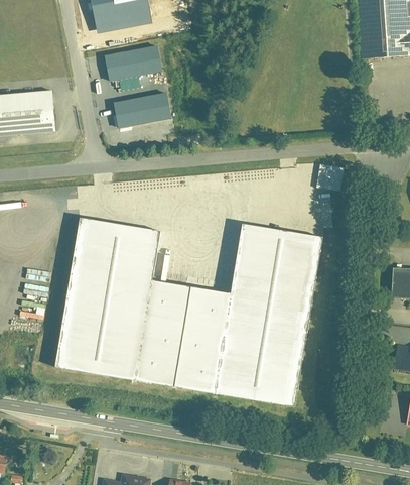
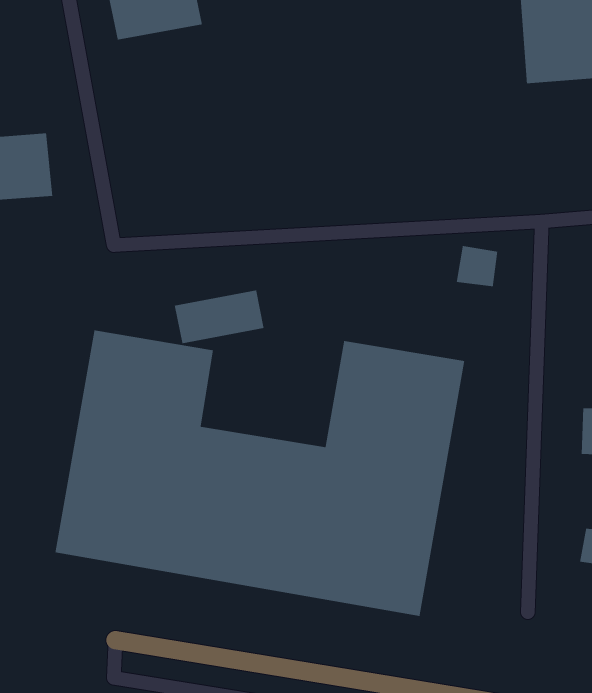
building: [105,46,162,82] -> none
building: [112,92,170,127] -> [174,290,265,344]

